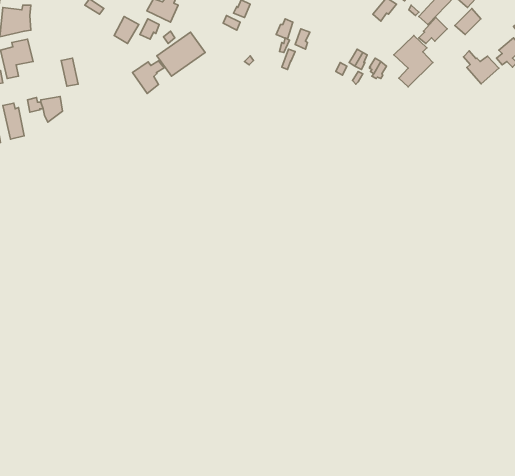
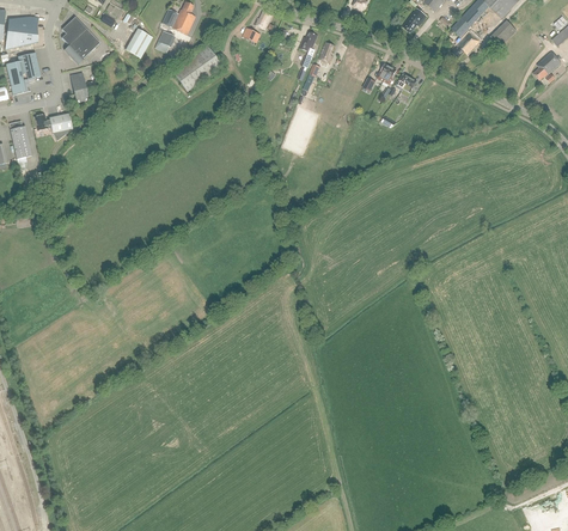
building: none -> [61,16,99,62]
building: [394,35,433,87] -> none
building: [464,51,499,84] -> none
building: [132,61,164,93] -> none

